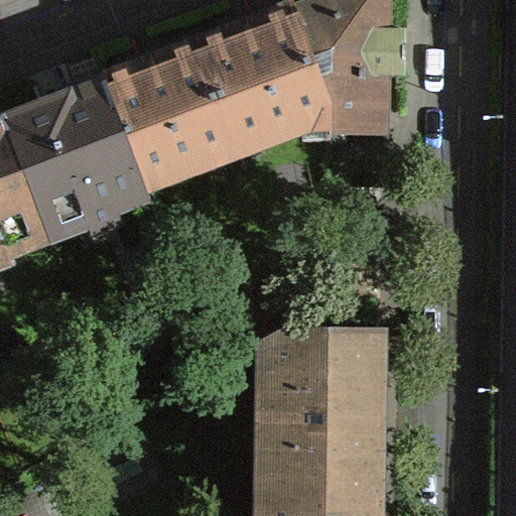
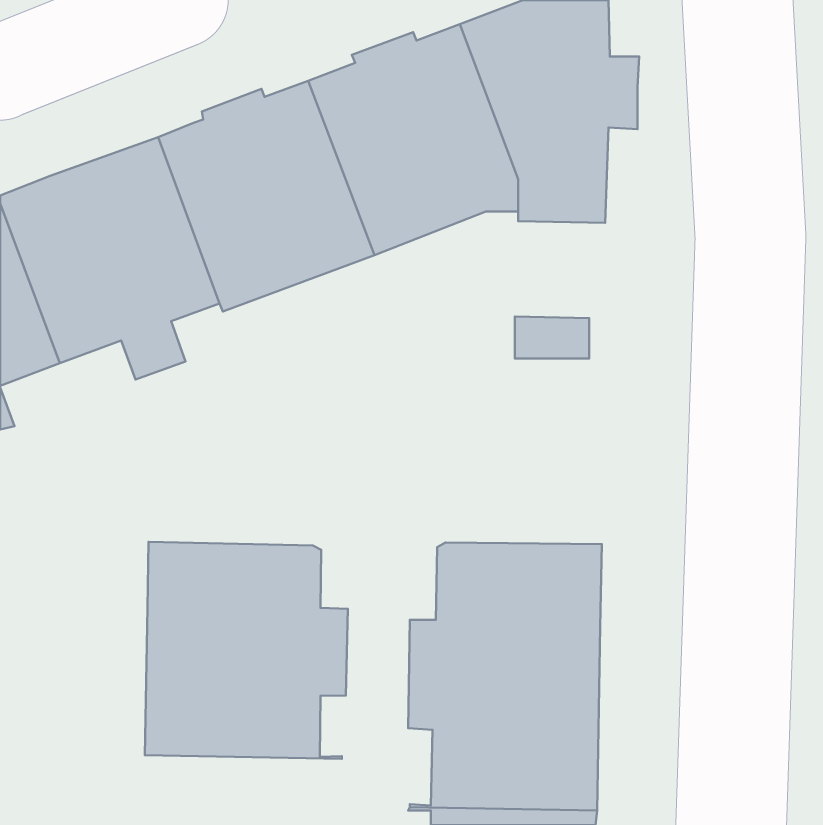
building: none -> [145,542,348,759]

